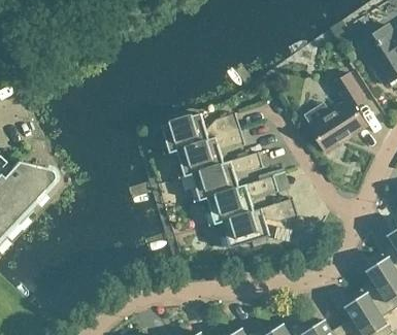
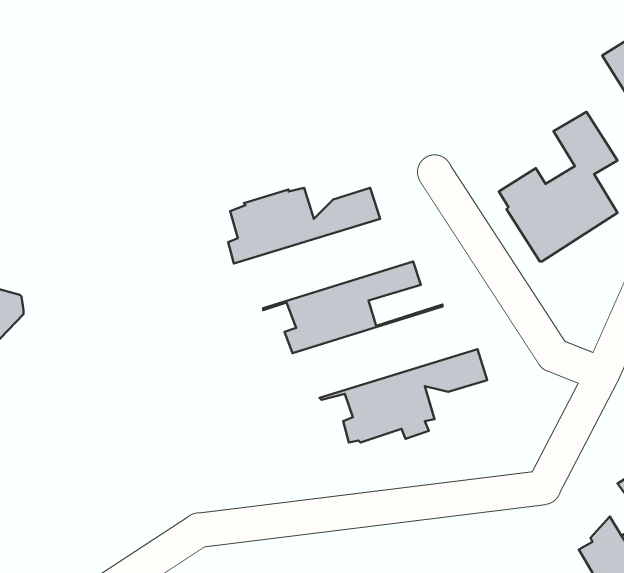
building: [164,130,259,177] -> none
building: [195,176,293,225] -> none

